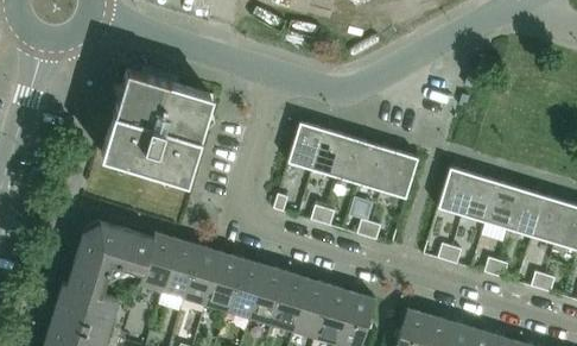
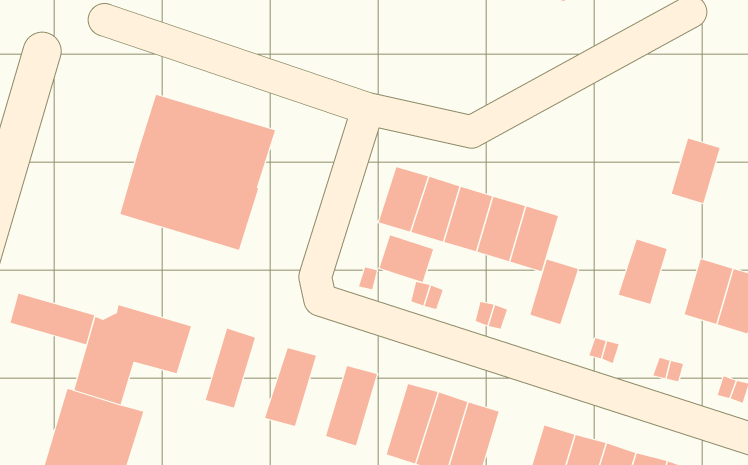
building: [438,168,474,215] -> [530,259,579,325]
building: none -> [379,235,434,283]
building: [484,182,520,229] -> [671,138,720,204]
building: none -> [10,293,95,345]
building: [139,233,178,291] -> none
building: [184,246,222,304] -> none
building: [228,259,265,317] -> none
building: [272,272,309,331] -> none

